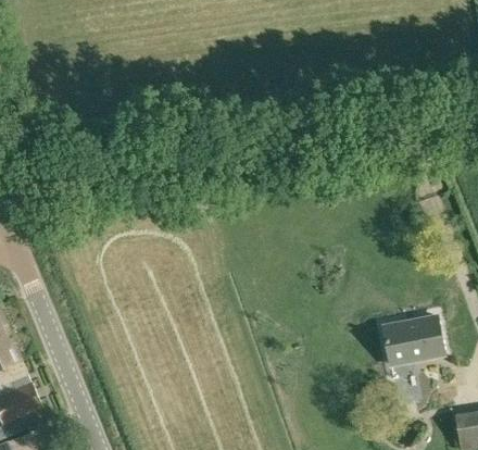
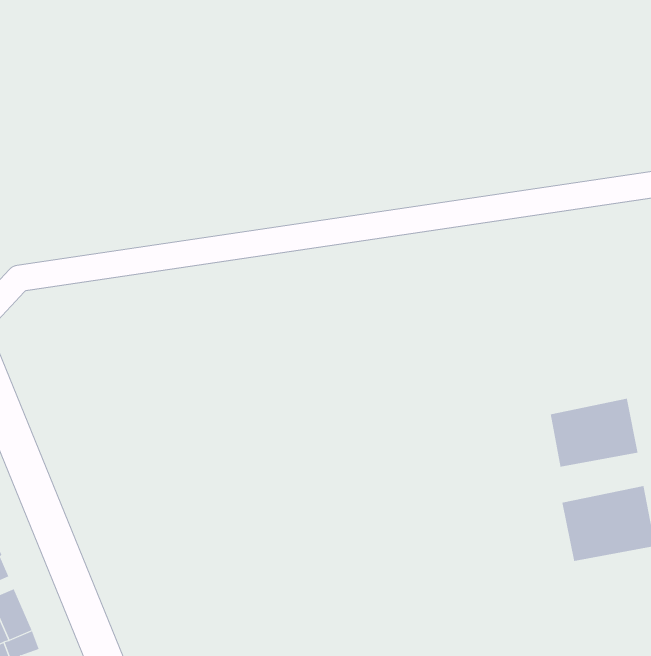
building: none -> [550,398,638,468]

